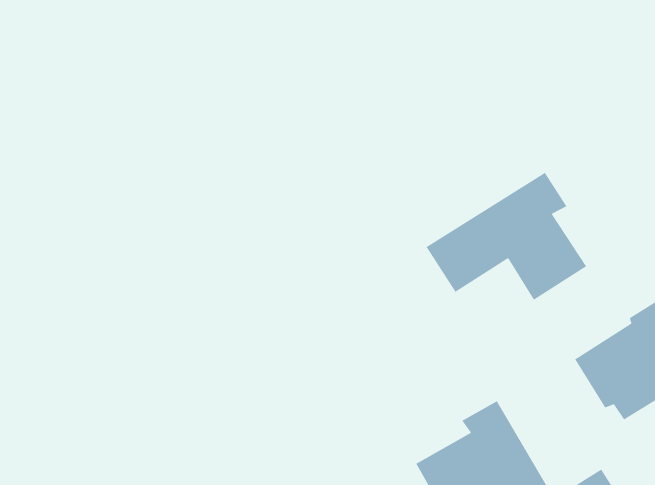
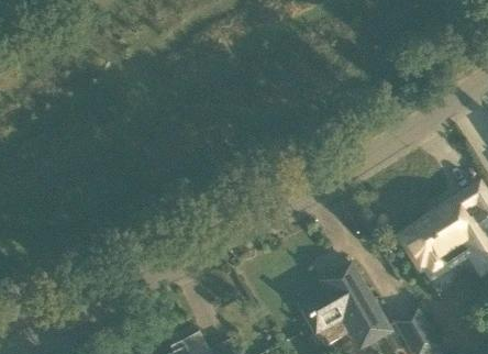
building: [425,172,587,300] -> none

